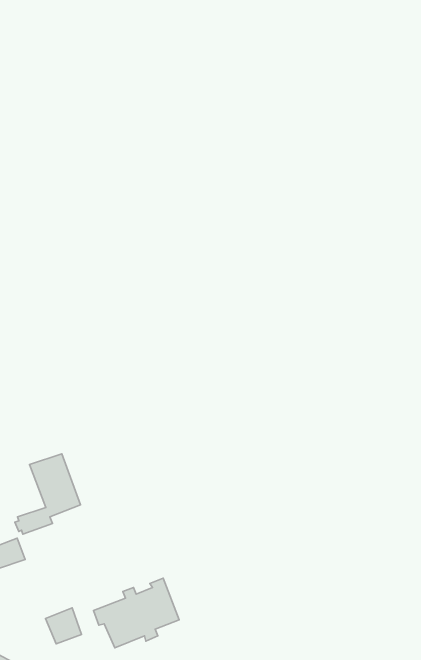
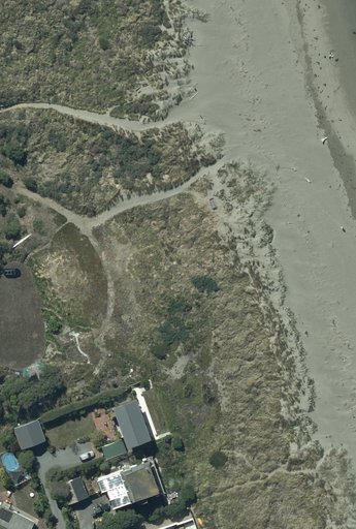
building: [15,454,80,534] -> [99,400,150,462]

